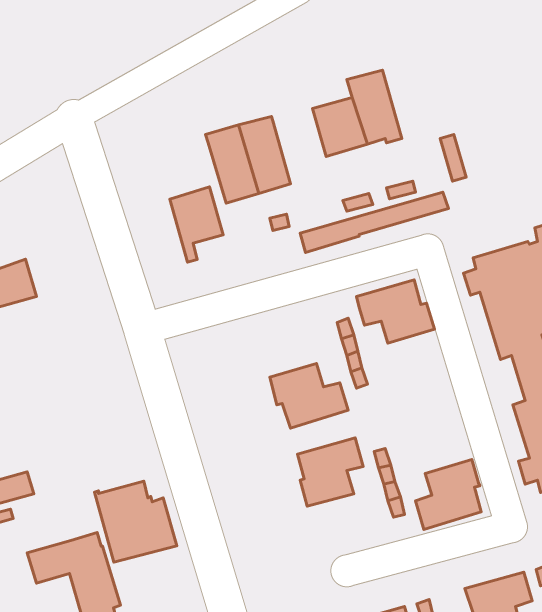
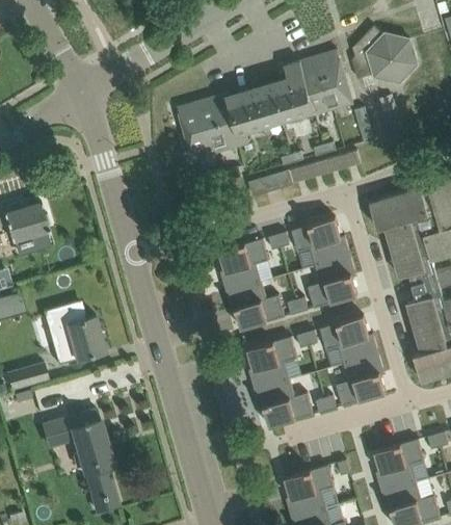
building: none -> [353,26,417,89]
building: none -> [312,50,353,110]
building: [170,187,223,262] -> [229,87,269,145]
building: none -> [219,239,269,291]
building: none -> [309,255,359,308]
building: none -> [320,316,379,364]
building: [94,481,177,562] -> [44,303,106,364]
building: none -> [255,379,314,427]

